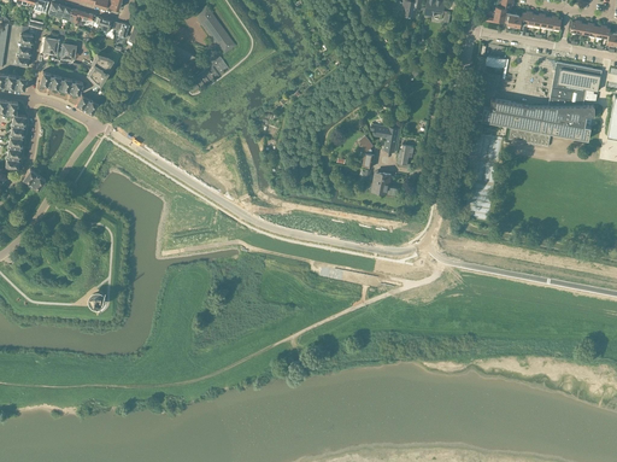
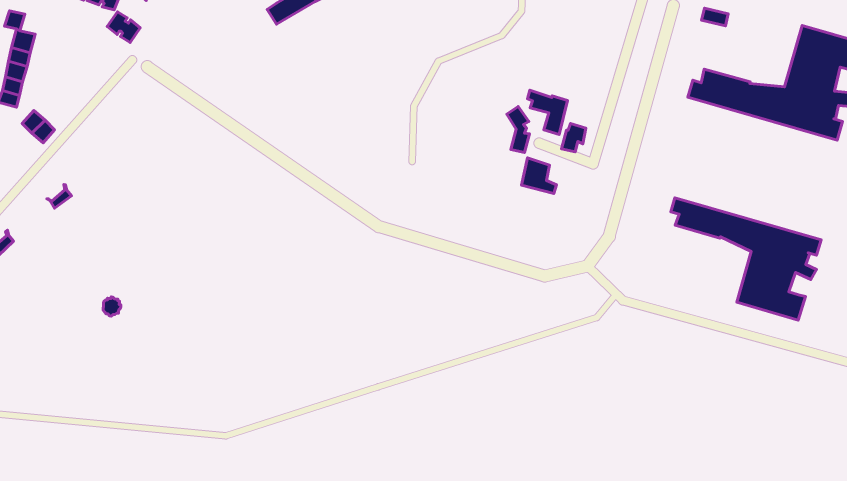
building: none -> [671,198,821,320]

